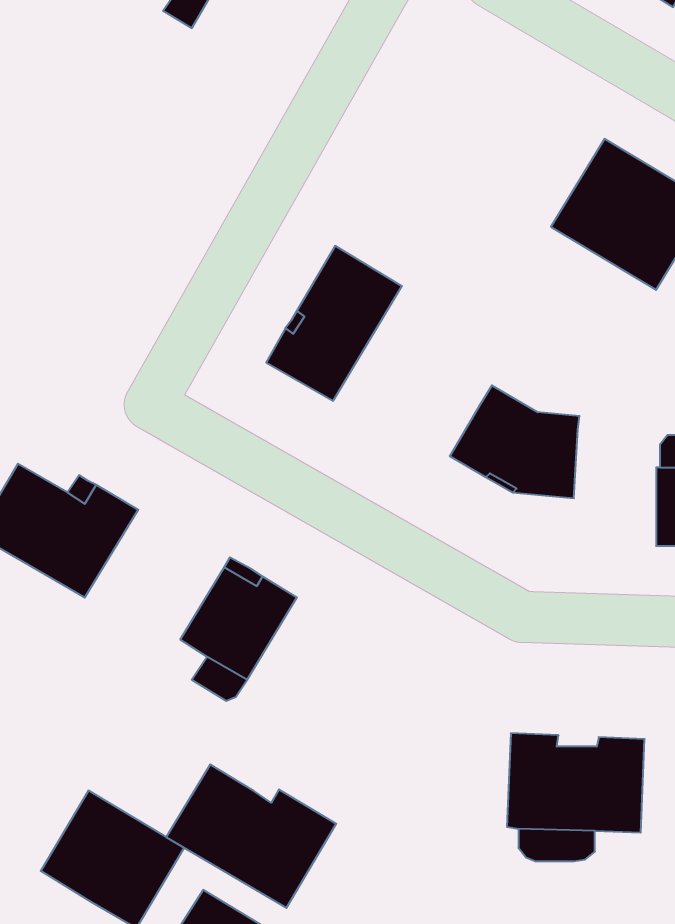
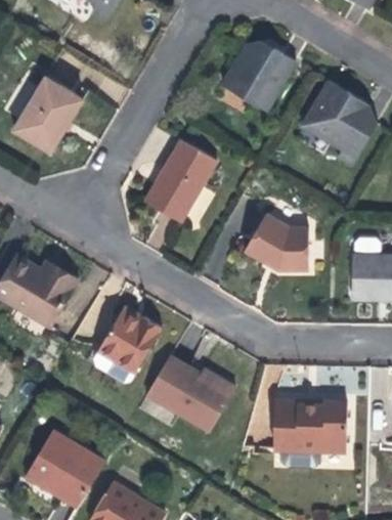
building: none -> [220,36,298,115]
building: none -> [11,75,82,151]
building: [166,765,336,908] -> [146,354,237,431]

